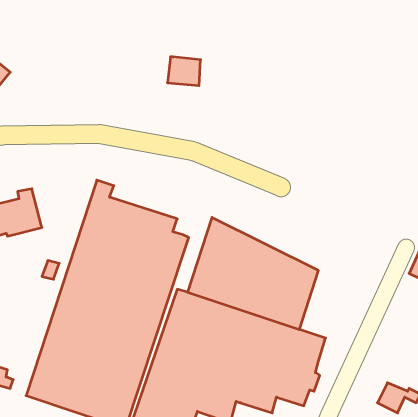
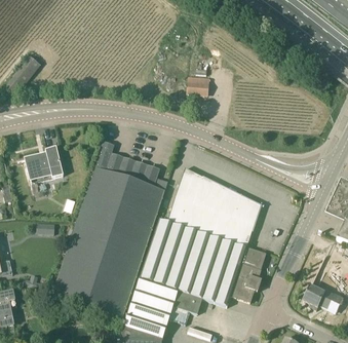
building: [167,57,201,86] -> [186,76,209,97]

